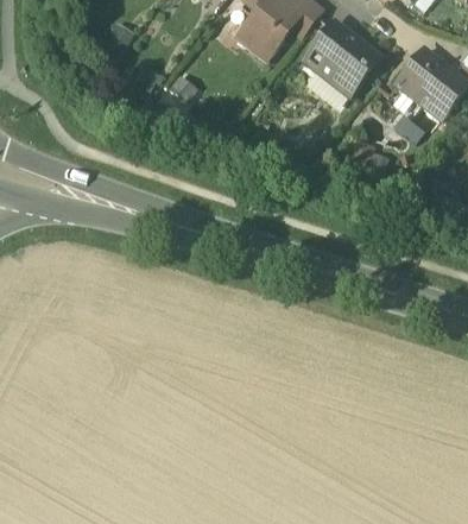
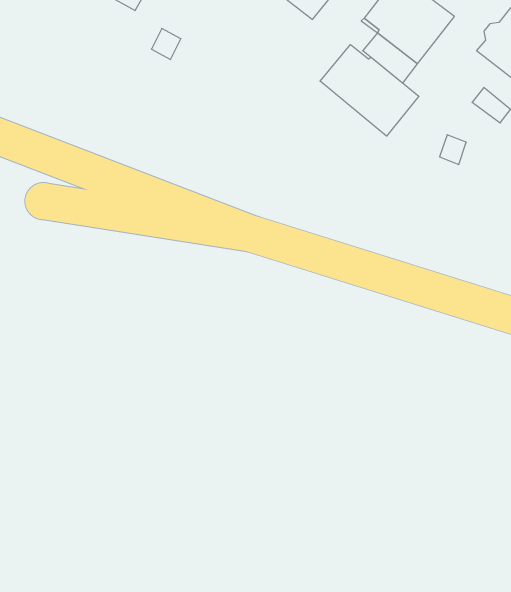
building: none -> [320,45,419,136]

